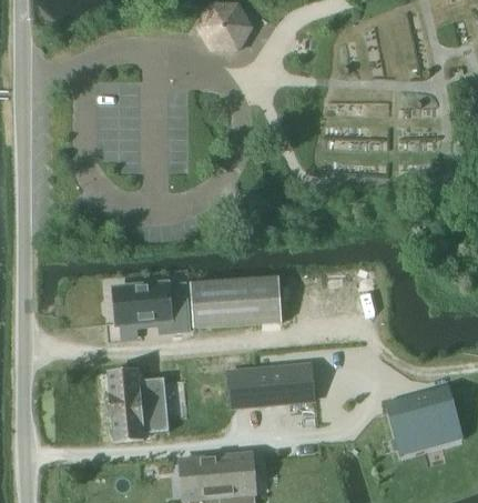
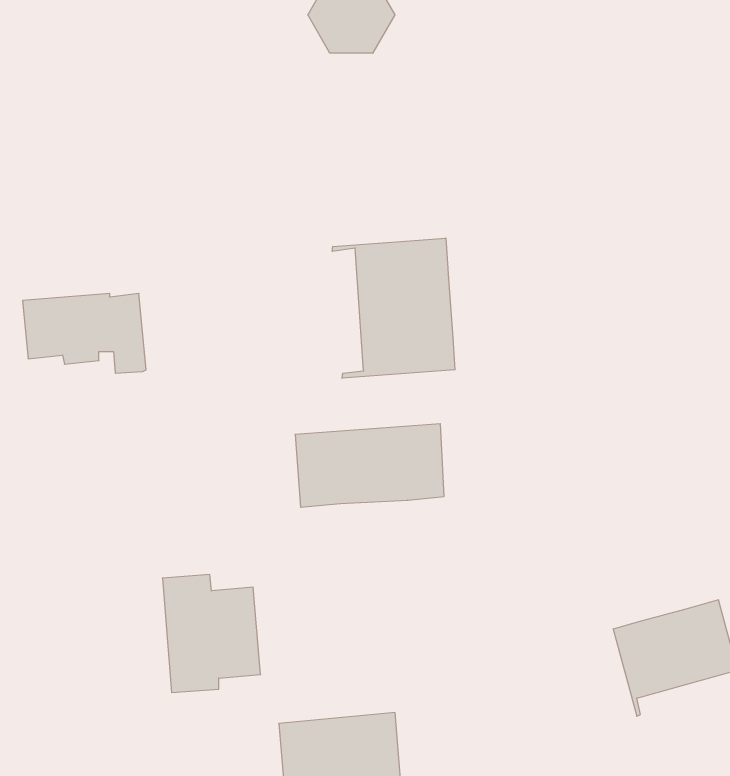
building: none -> [332,238,455,378]
building: [113,282,189,331] -> [23,293,146,373]
building: [227,363,314,406] -> none

